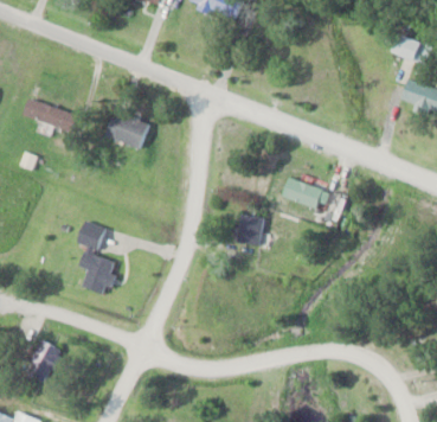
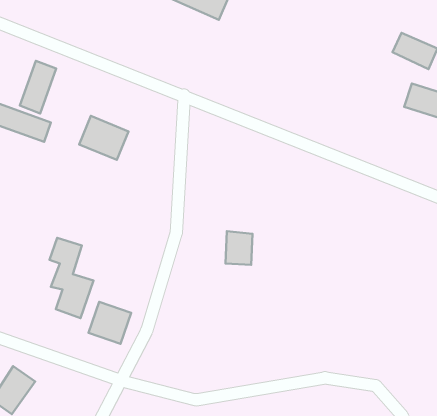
building: none -> [20,61,56,113]
building: [282,178,332,213] -> none
building: none -> [88,302,131,344]

